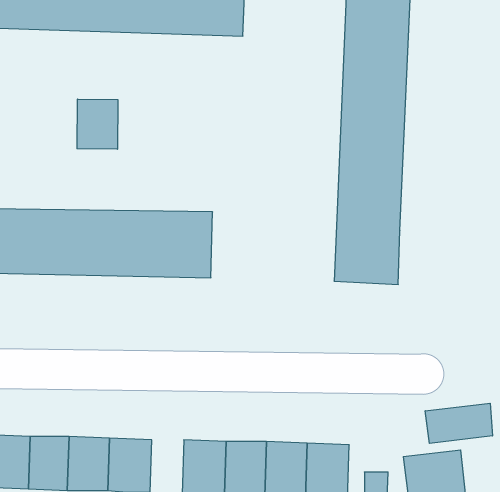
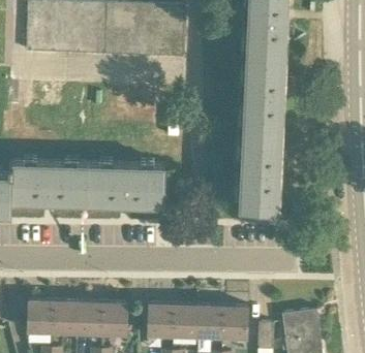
building: [77,99,118,149] -> none
building: [425,403,492,443] -> none

